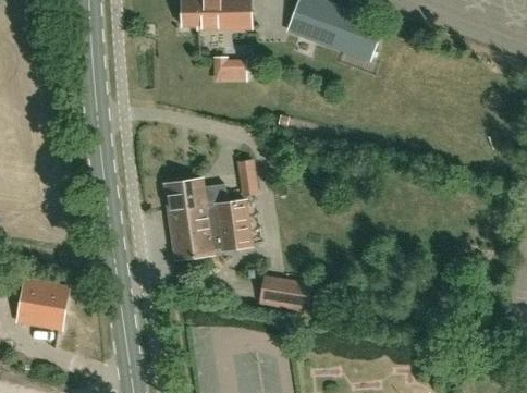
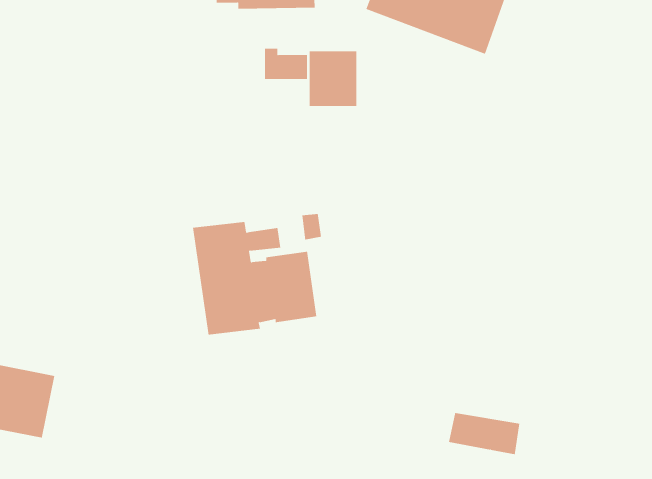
building: none -> [309,51,357,107]
building: [259,277,309,306] -> [448,413,520,455]

